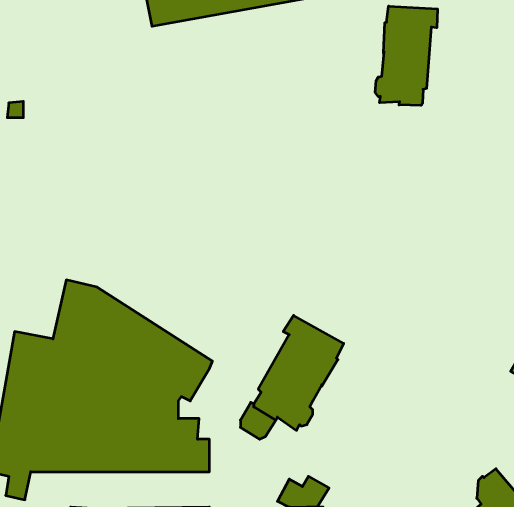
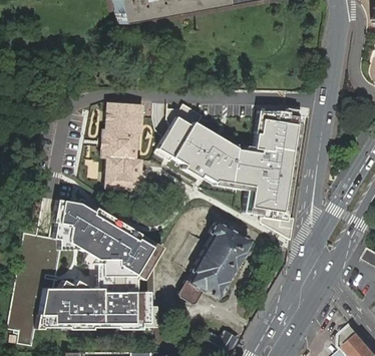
building: [375,6,437,105] -> none
building: none -> [104,101,143,189]
building: none -> [154,108,302,221]

